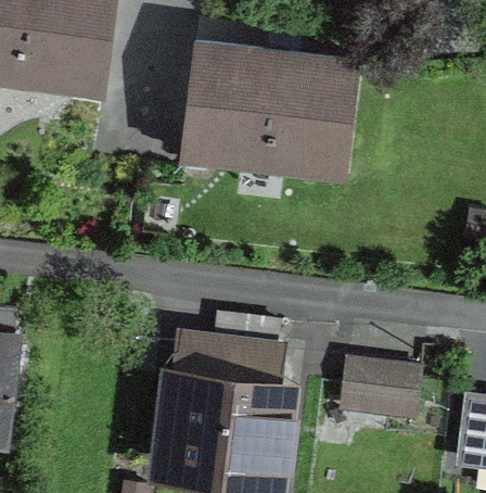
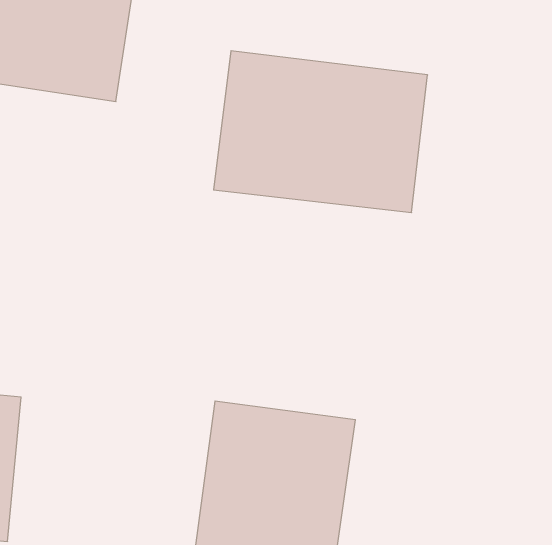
building: [337,355,418,416] -> none

